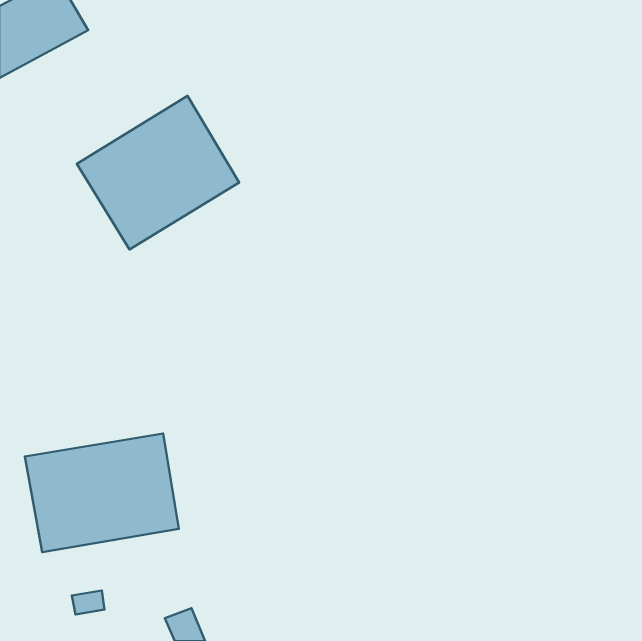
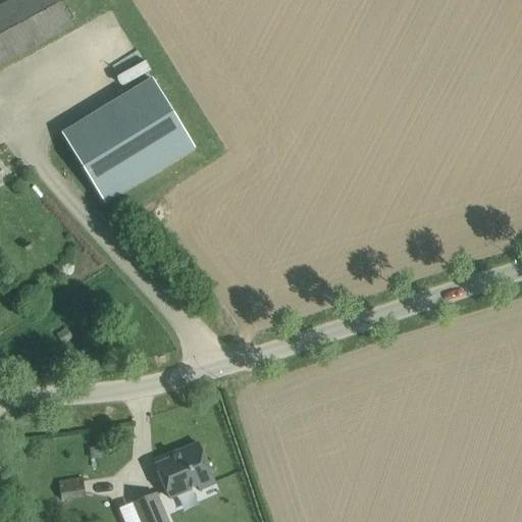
building: [25,433,179,552] -> none
building: none -> [155,442,212,497]

